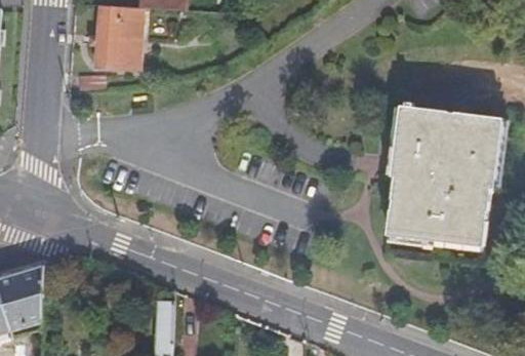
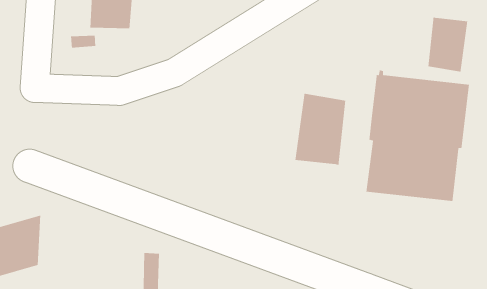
building: none -> [427,16,468,72]
building: none -> [294,93,346,166]

